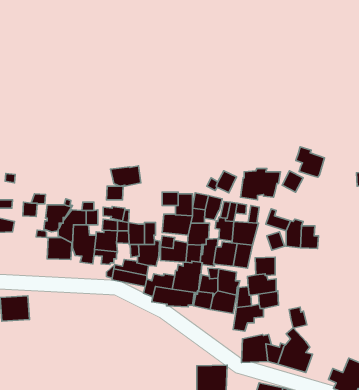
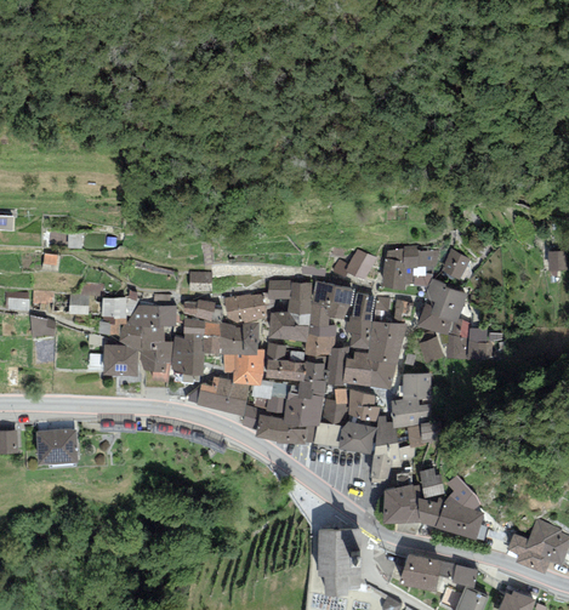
building: [296,147,325,177] -> [425,278,466,321]
building: [111,166,141,186] -> [223,292,267,321]
building: none -> [251,378,292,399]
building: [289,307,307,328] -> [419,467,444,497]

